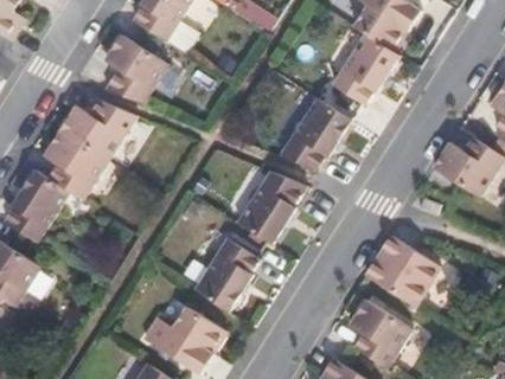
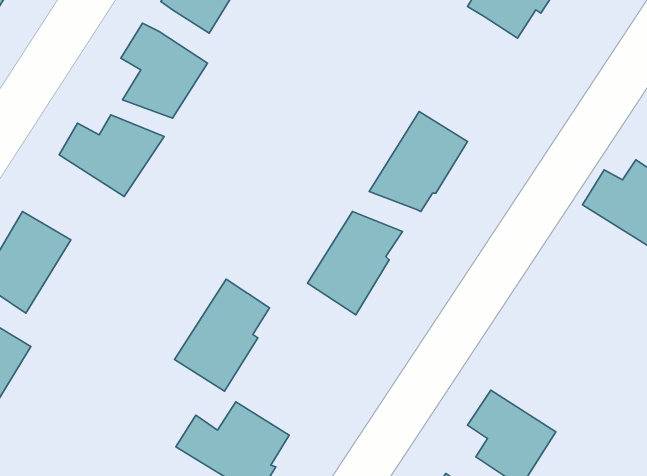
building: [331,32,396,105] -> none
building: [43,130,107,200] -> none
building: [194,231,262,310] -> [175,279,270,391]
building: [365,233,442,306] -> none

